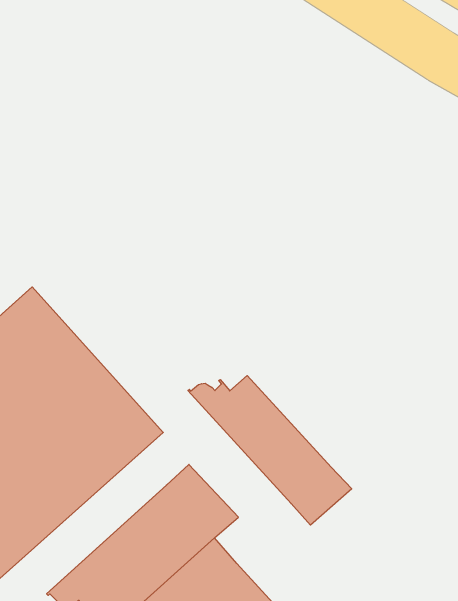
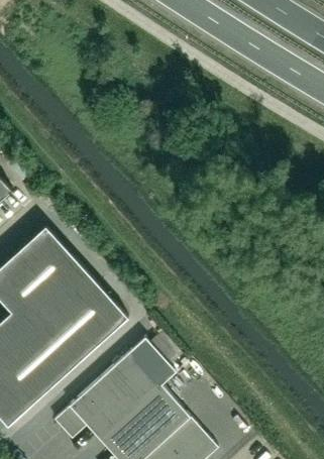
building: [188,376,352,525] -> none

